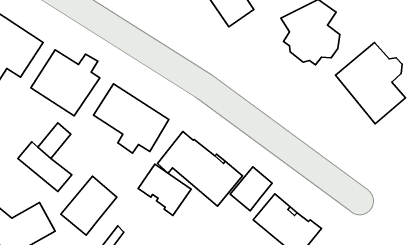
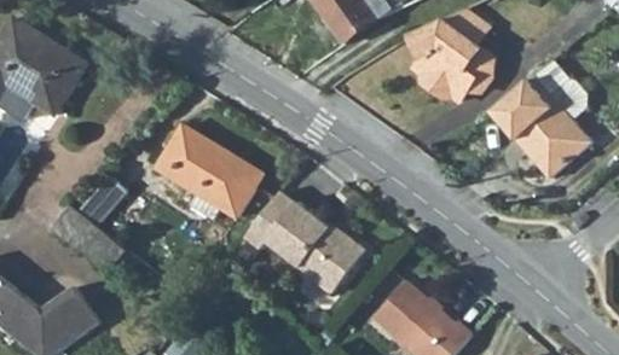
building: [31,50,100,116] -> none
building: [138,164,191,216] -> none
building: [230,167,272,211] -> none
building: [61,176,117,235] -> none

